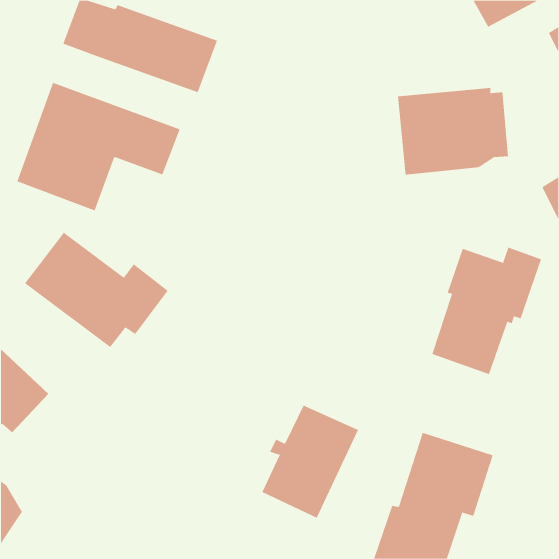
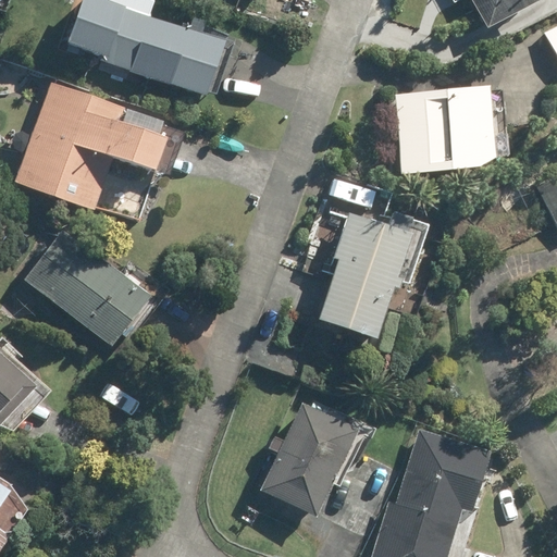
building: [431,247,542,375] -> [318,212,428,339]

